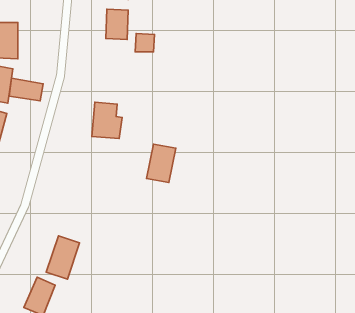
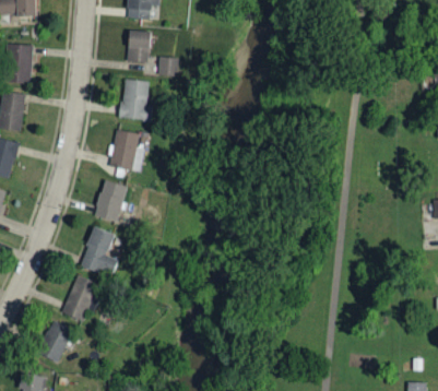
building: none -> [120,79,154,121]
building: [9,78,43,101] -> none
building: [147,144,176,183] -> [95,181,127,223]
building: none -> [79,226,119,275]

